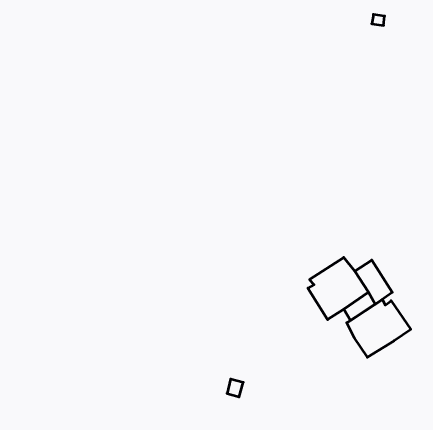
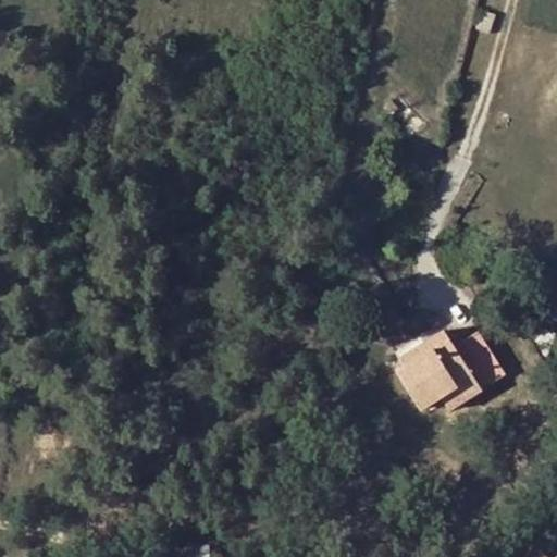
building: [347,299,411,357] -> none

